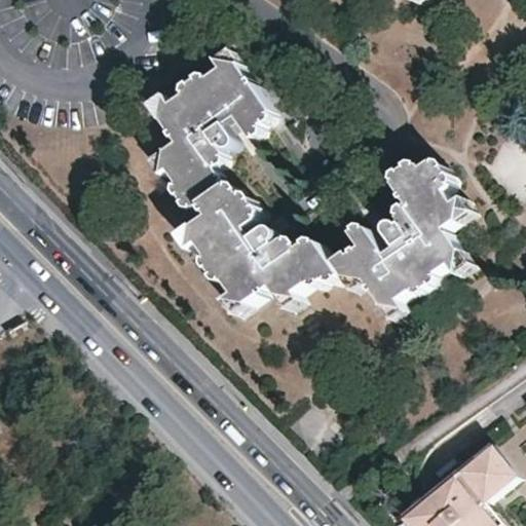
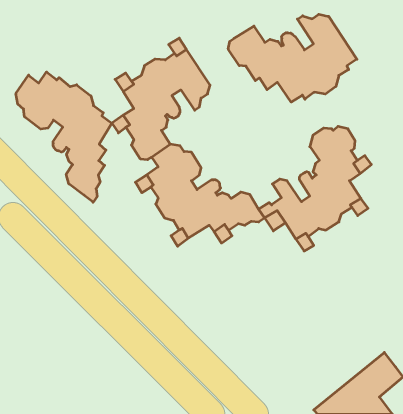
building: none -> [228,14,357,102]
building: none -> [16,72,112,202]

